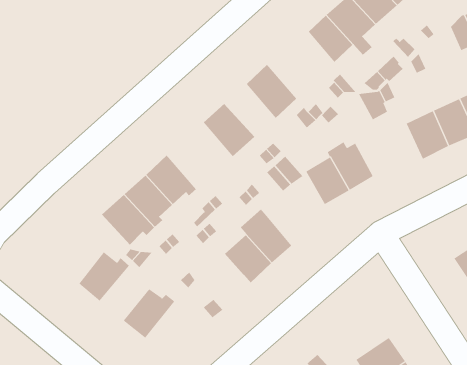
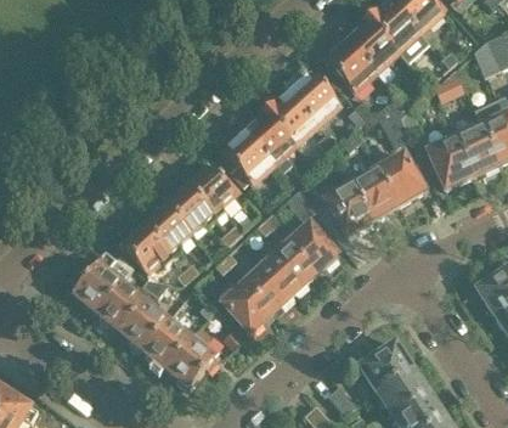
building: none -> [287,71,340,125]
building: none -> [243,111,295,173]
building: none -> [377,154,422,204]
building: none -> [185,163,235,218]
building: none -> [287,225,335,275]
building: none -> [70,253,134,314]
building: none -> [222,283,270,332]
building: none -> [117,295,166,351]
building: none -> [163,327,218,389]
building: none -> [360,343,411,392]

